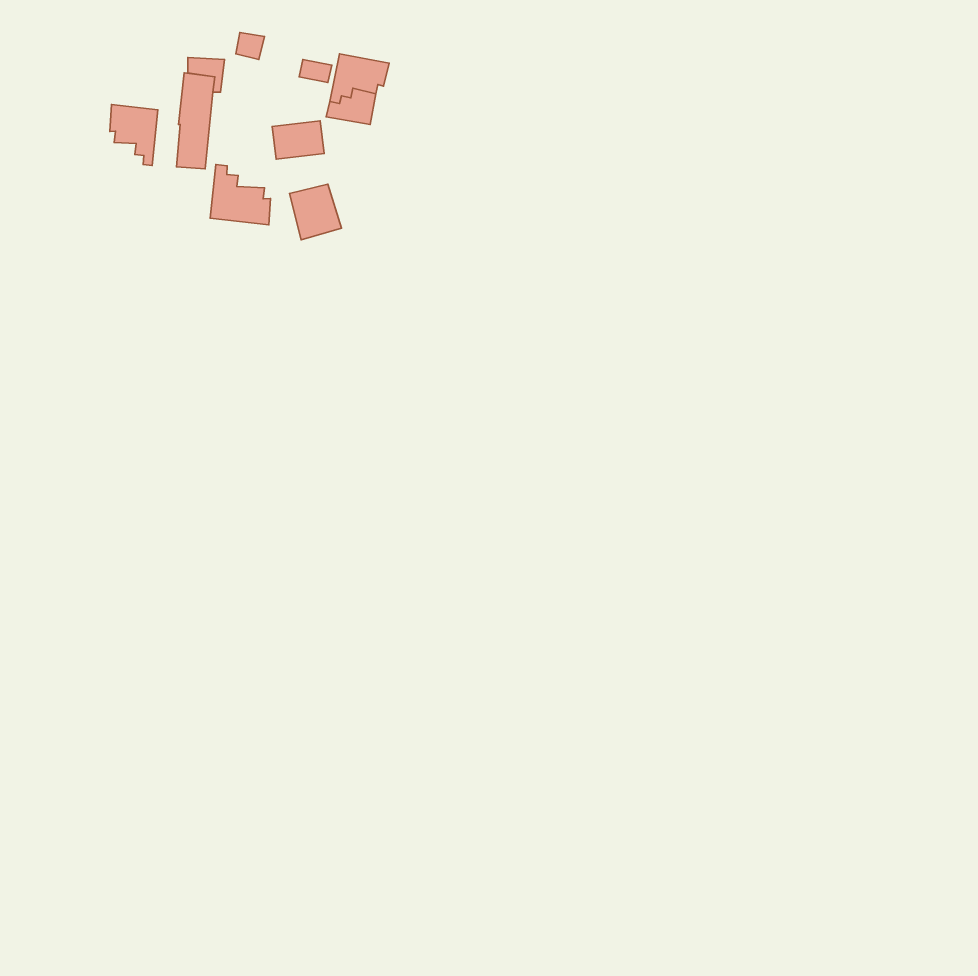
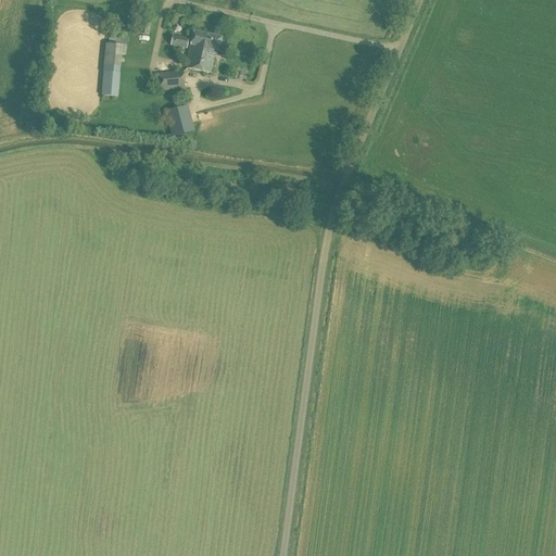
building: [110,105,158,165] -> none
building: [210,165,270,225] -> none

